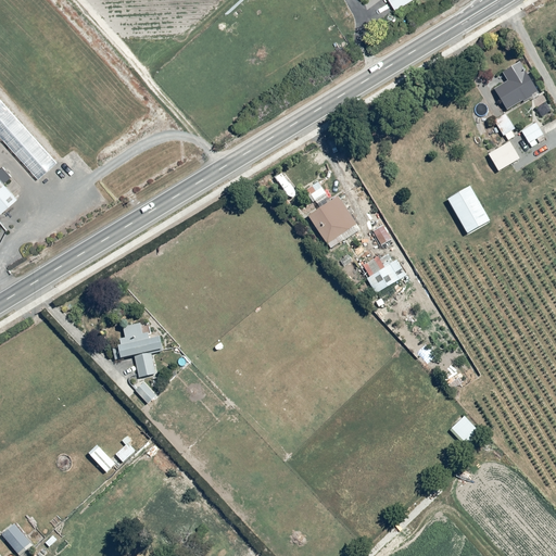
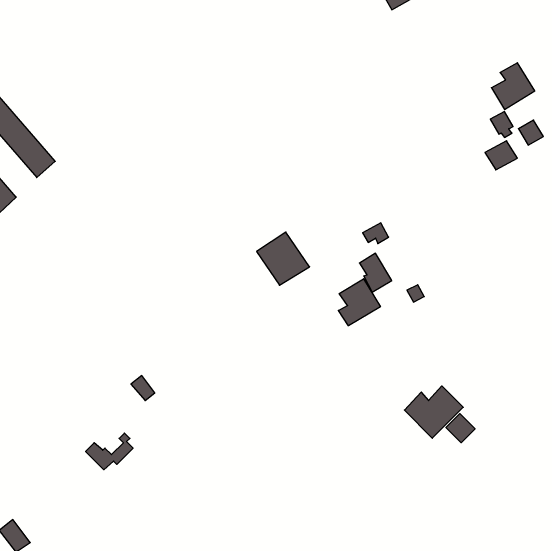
building: [446,185,490,233] -> none
building: [307,195,361,249] -> [257,232,310,285]
building: none -> [338,279,380,326]
building: [112,321,163,376] -> none
building: none -> [404,386,463,438]

